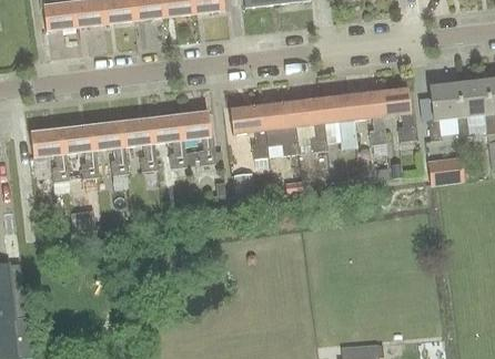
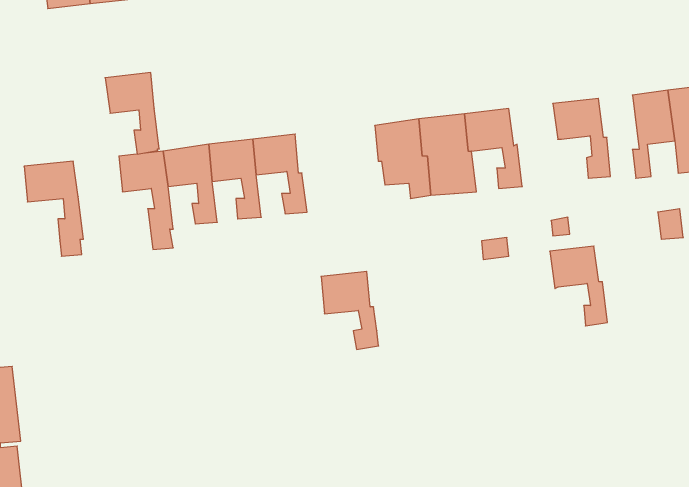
building: [347,91,385,143] -> [550,246,607,326]
building: [230,105,267,156] -> [321,271,379,349]
building: [62,125,98,178] -> [105,73,159,154]

